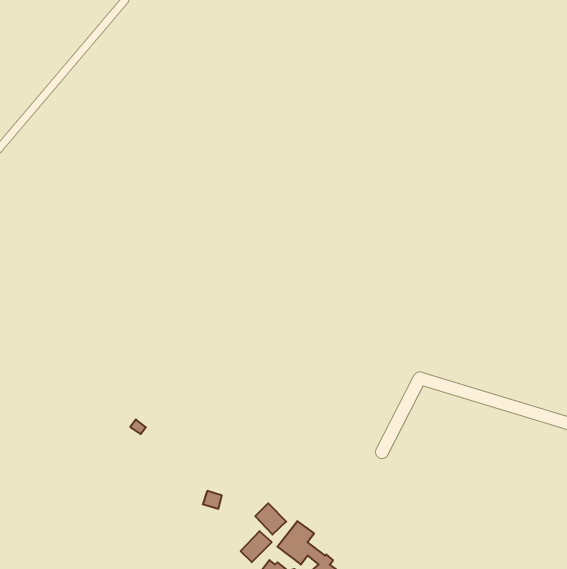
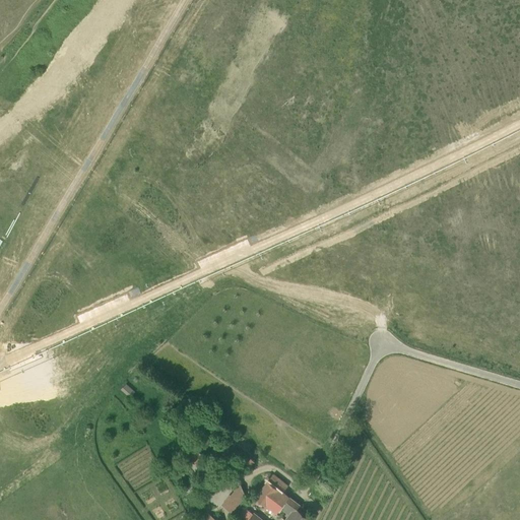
building: [255,503,286,535] -> none

